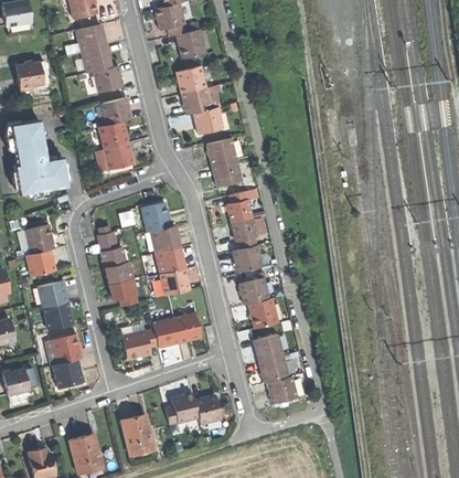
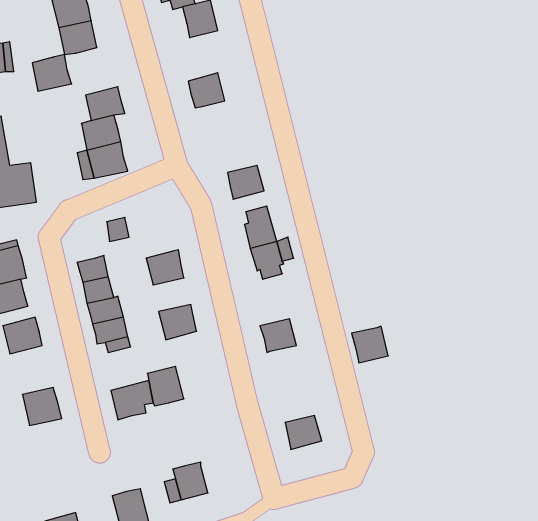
building: [95,65,126,94] -> [32,54,72,91]
building: [178,66,206,94] -> none
building: [194,108,222,136] -> none
building: [207,138,237,166] -> none
building: [145,204,171,233] -> none
building: [232,245,263,275] -> none
building: [156,248,185,275] -> none
building: [248,300,277,329] -> [352,326,388,363]
building: [43,301,74,330] -> none
building: [173,314,201,343] -> none
building: [254,334,282,362] -> none
building: [55,360,84,386] -> none
building: [268,376,296,403] -> none
building: [193,391,222,424] -> none

